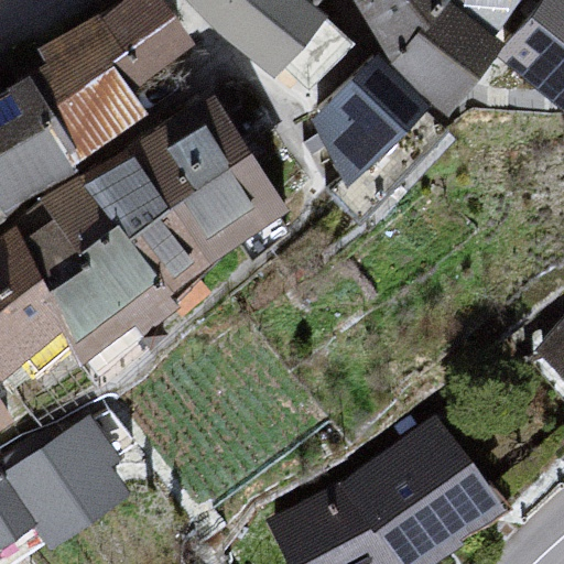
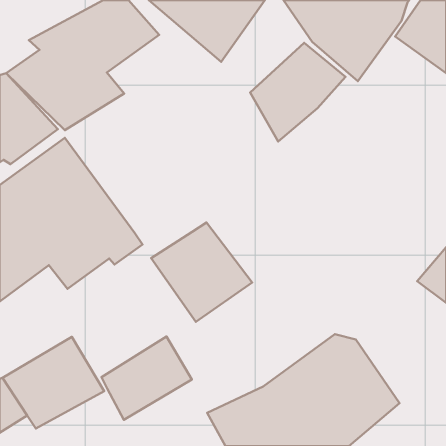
building: [82,95,288,294] -> none
building: none -> [151,223,252,322]
building: none -> [102,336,192,420]

